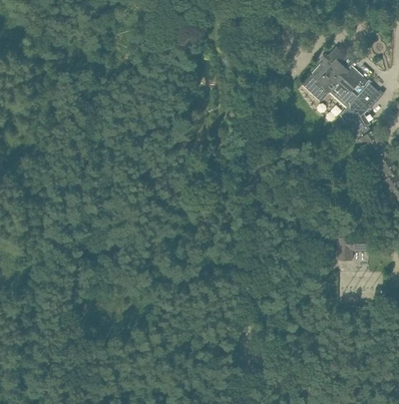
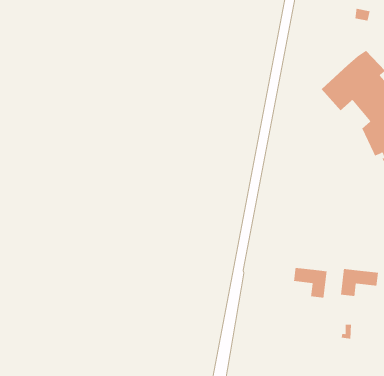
building: none -> [294,267,327,299]

